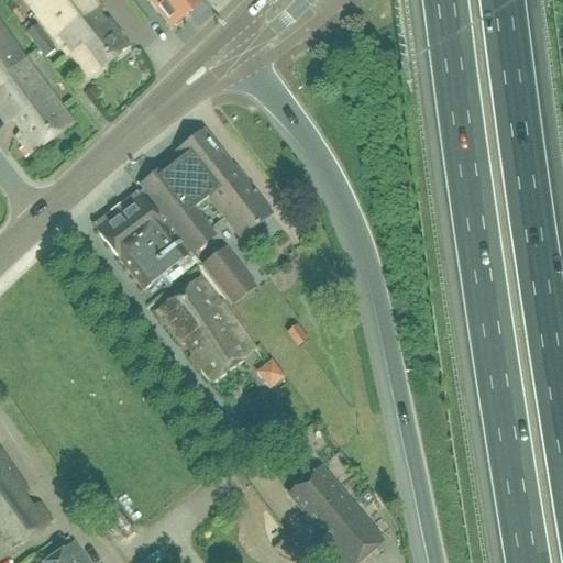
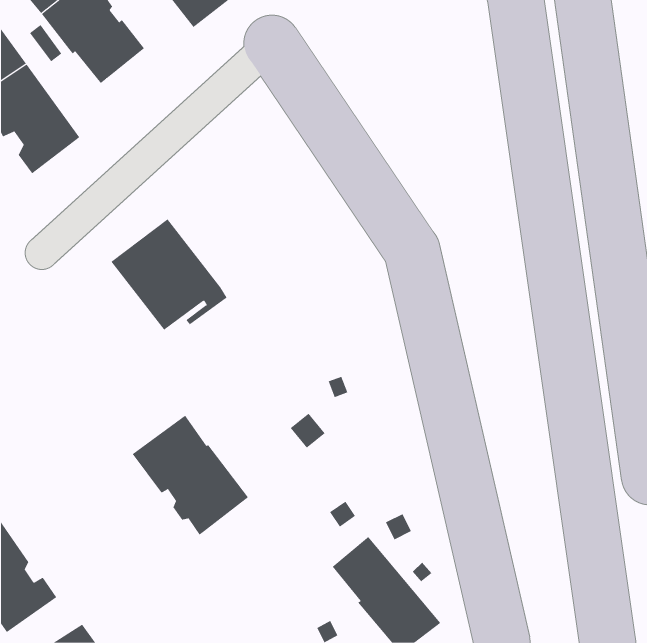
building: [144,126,273,249] -> none
building: [205,245,255,300] -> none
building: [155,274,256,378] -> [132,415,249,535]

